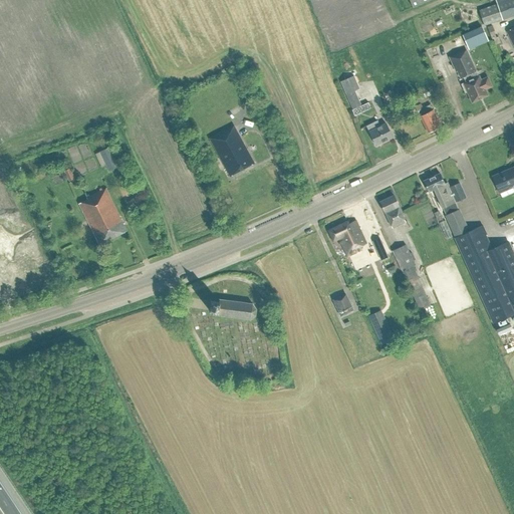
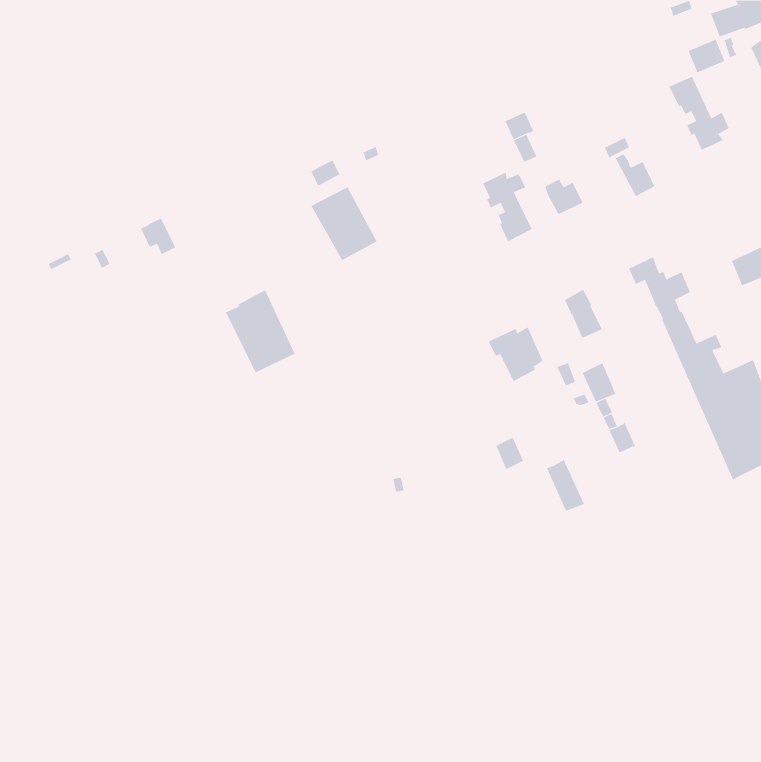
building: none -> [482,172,532,242]
building: [79,188,126,244] -> [225,290,295,373]
building: [209,299,257,319] -> none

